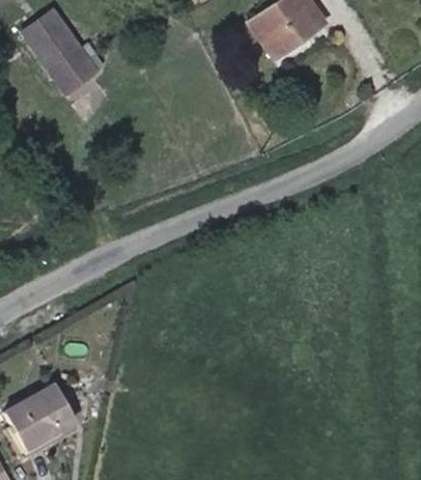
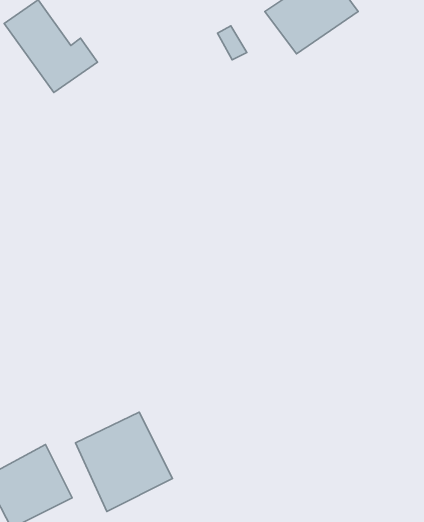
building: none -> [75,412,173,511]

